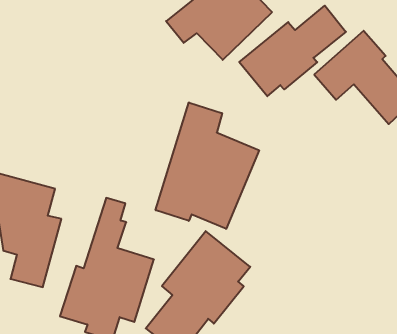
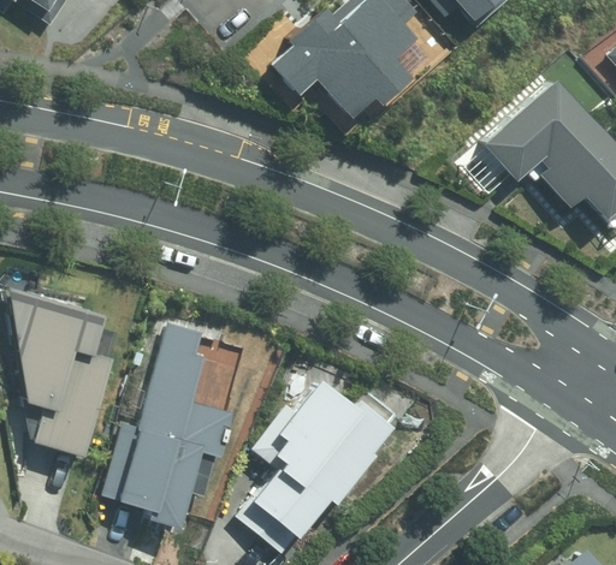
building: [239,6,346,96] -> none
building: [156,102,259,229] -> none

